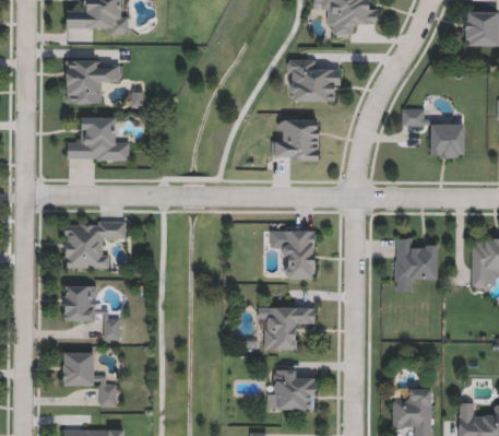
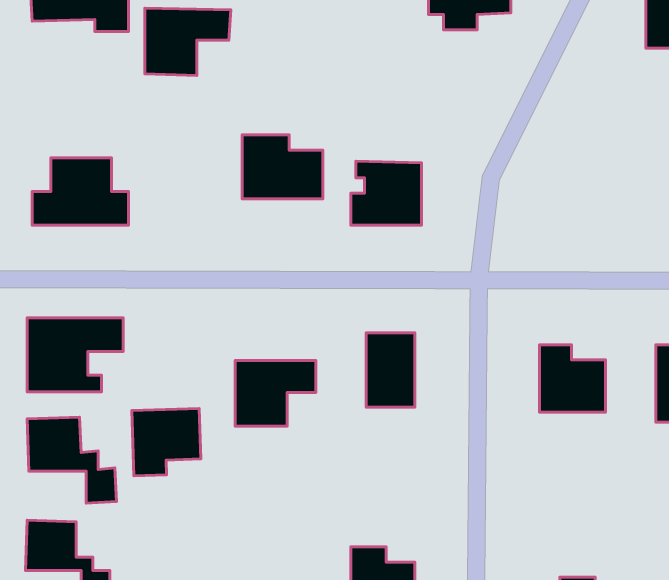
building: [66,60,121,104] -> [145,8,231,76]
building: [287,60,340,102] -> [242,135,323,199]
building: [401,108,464,158] -> none
building: none -> [132,408,201,476]
building: [263,307,316,350] -> [235,360,316,426]

